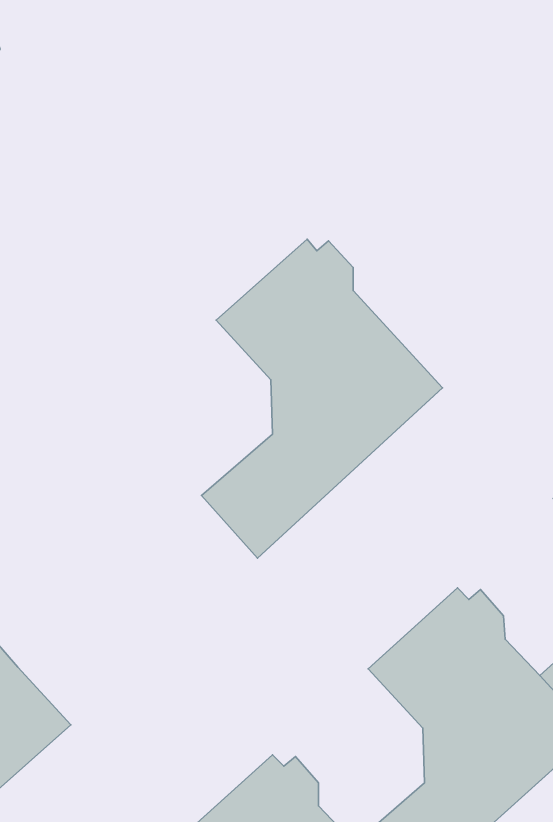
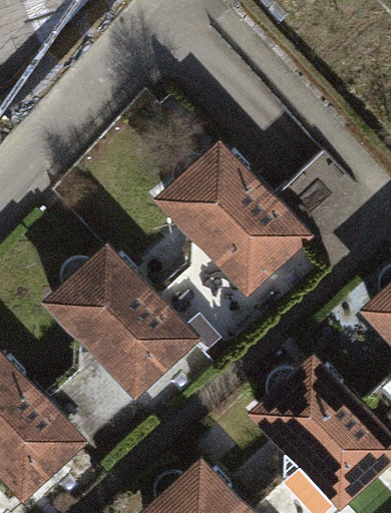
building: none -> [45,250,190,442]

